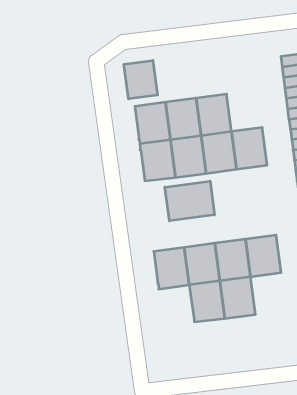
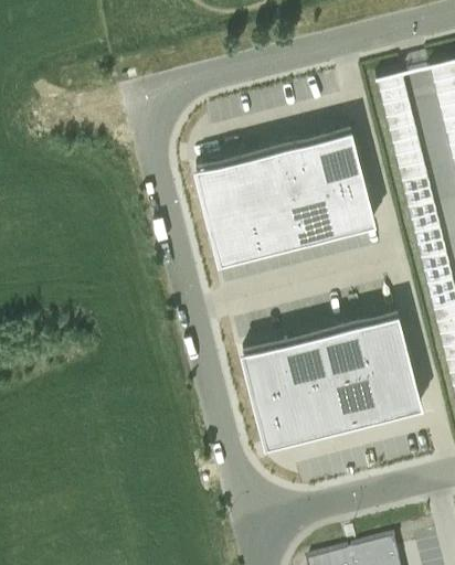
building: [124,60,158,99] -> none
building: none -> [314,134,364,191]
building: [165,181,214,221] -> none
building: none -> [372,364,423,422]
building: none -> [256,394,307,450]

